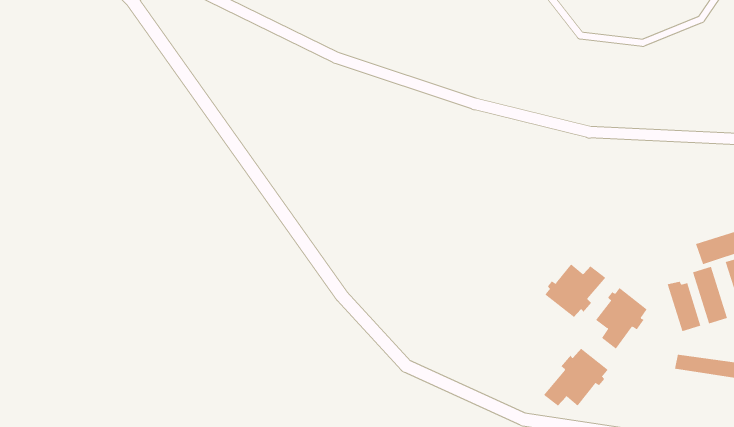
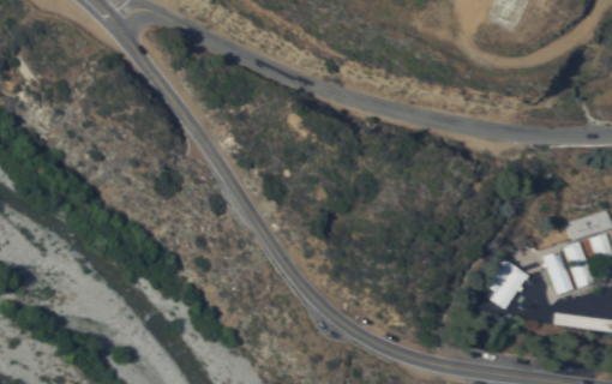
building: [544,264,606,318] -> none
building: [543,348,608,407] -> none

